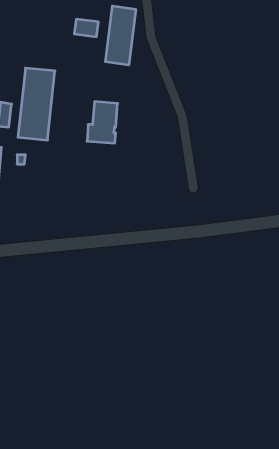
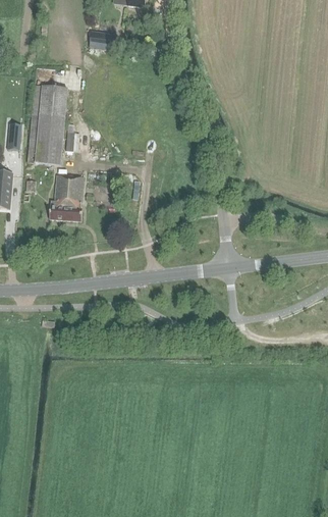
building: [105,6,136,65] -> none
building: [87,102,118,143] -> [51,174,85,220]

